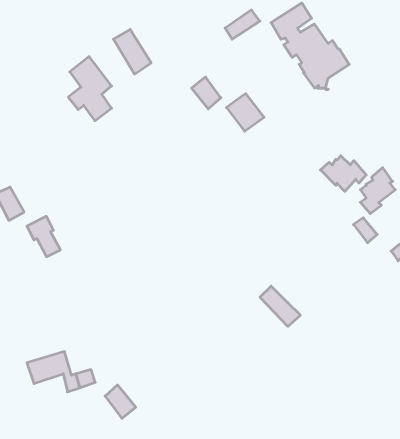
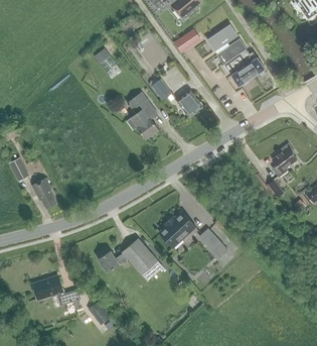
building: [68,57,112,121] -> [127,92,158,138]
building: [320,156,366,191] -> none
building: none -> [160,212,196,247]
building: none -> [99,238,158,274]

